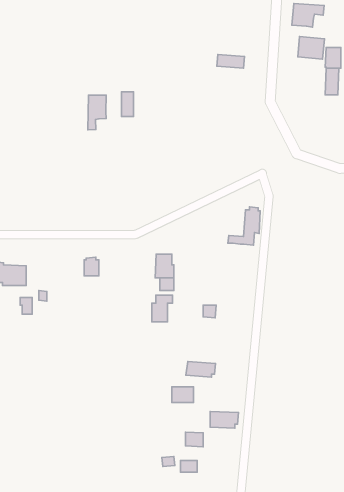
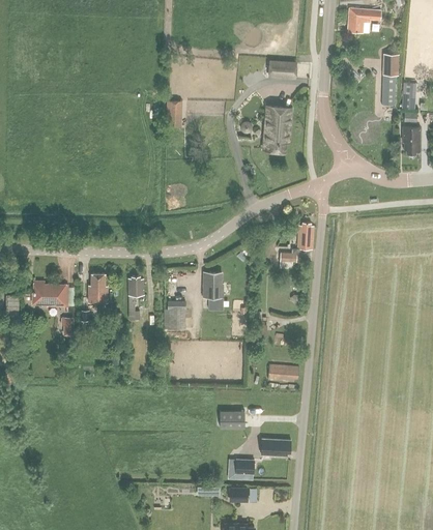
building: [298,37,324,59] -> none
building: none -> [263,104,290,149]
building: [88,95,106,130] -> none
building: none -> [89,271,107,301]
building: [152,295,173,322] -> [164,300,185,328]
building: [186,362,215,377] -> [267,364,298,381]

